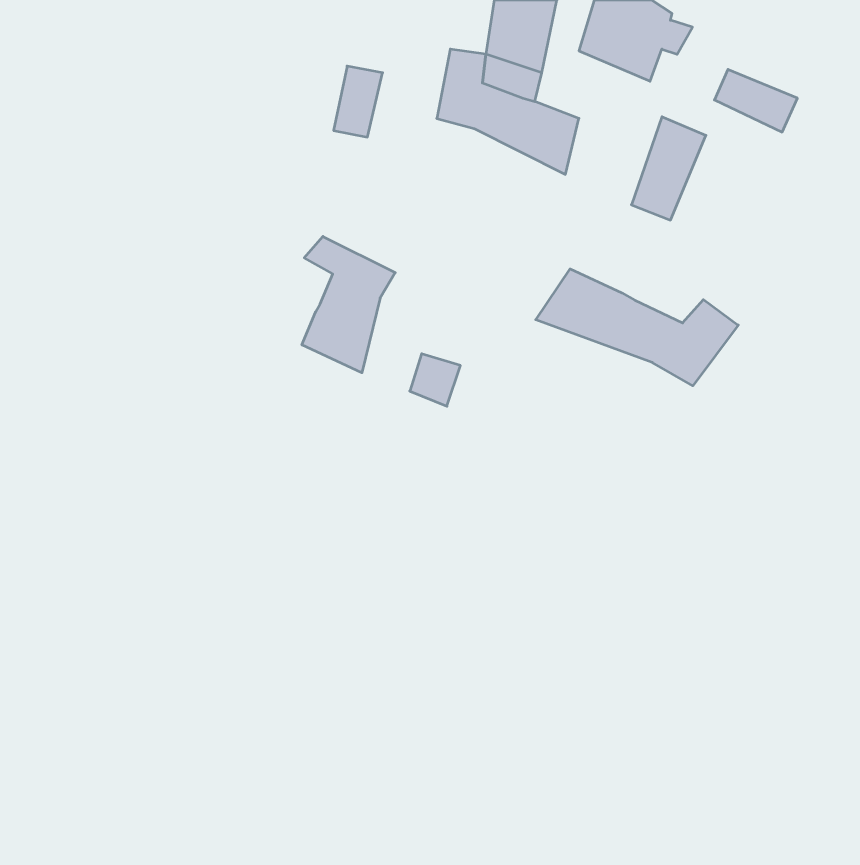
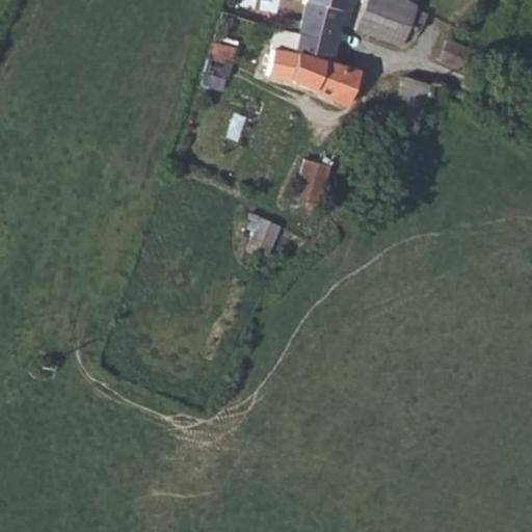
building: [302,236,395,373] -> none
building: none -> [297,158,330,204]
building: [536,269,738,386] -> none

